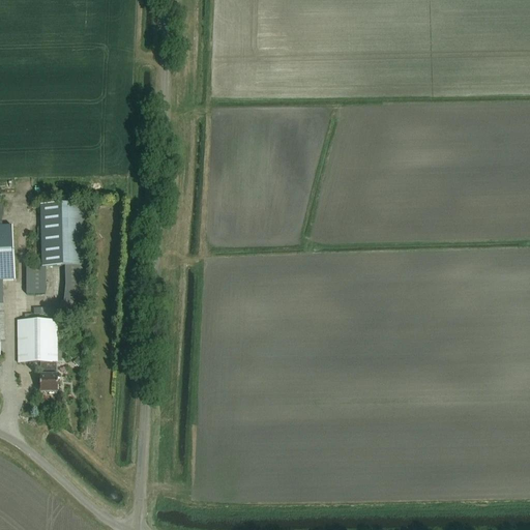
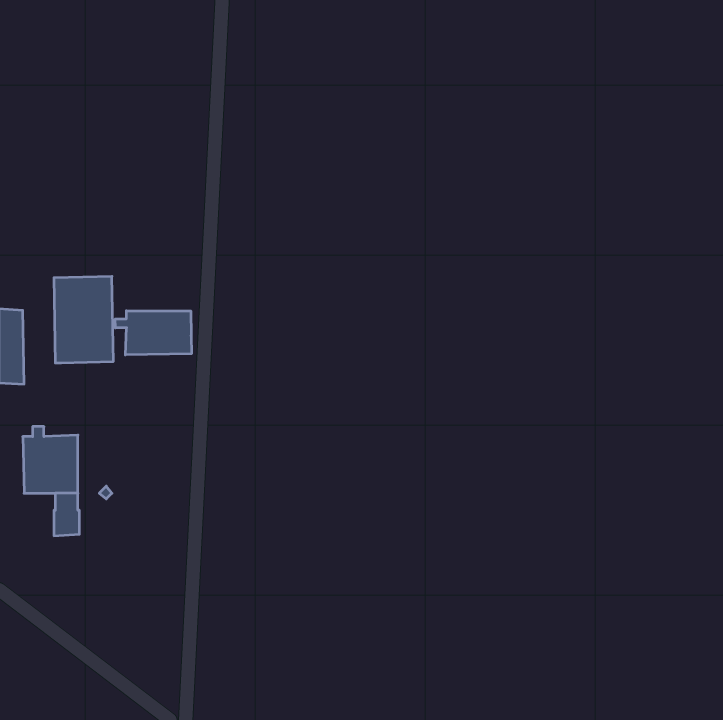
building: none -> [115,311,191,355]
building: [25,265,46,293] -> none

